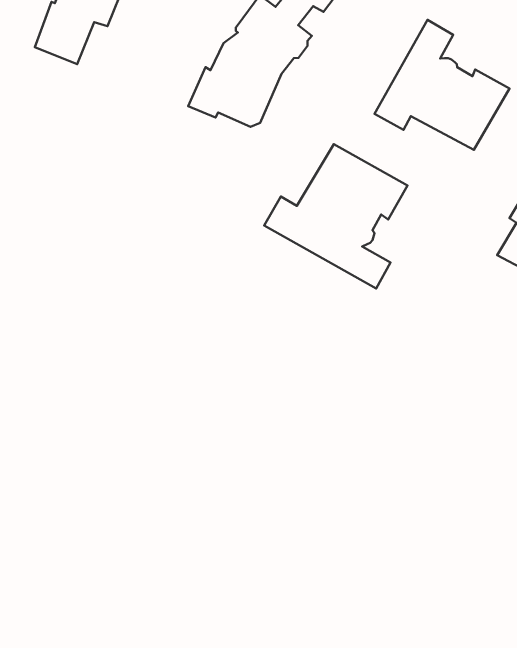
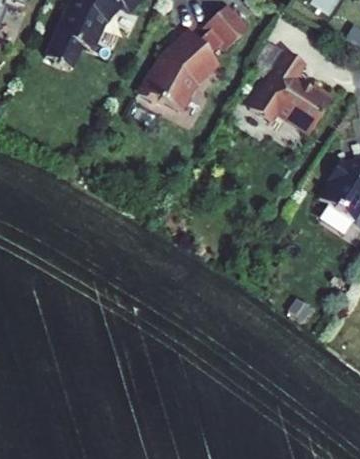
building: [264,144,408,289] -> none

